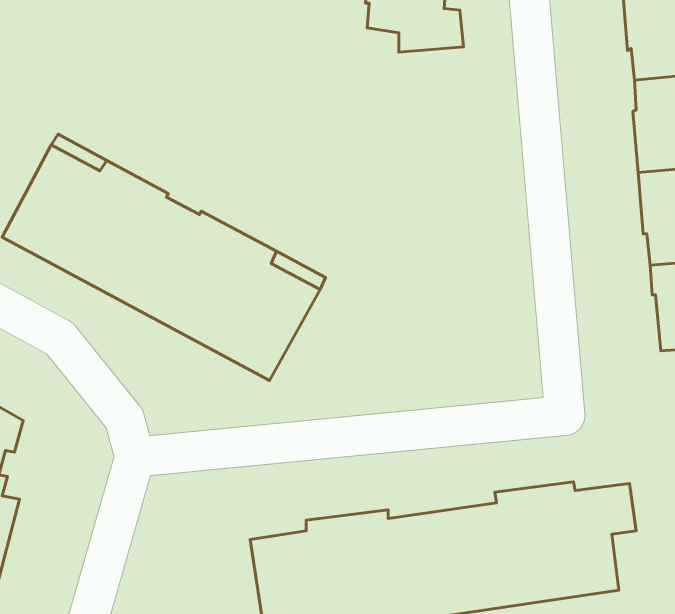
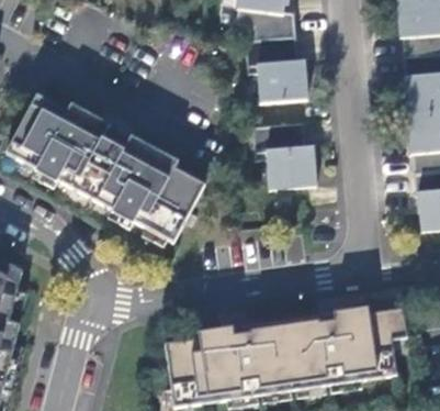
building: none -> [246,34,307,100]
building: none -> [251,121,317,188]

